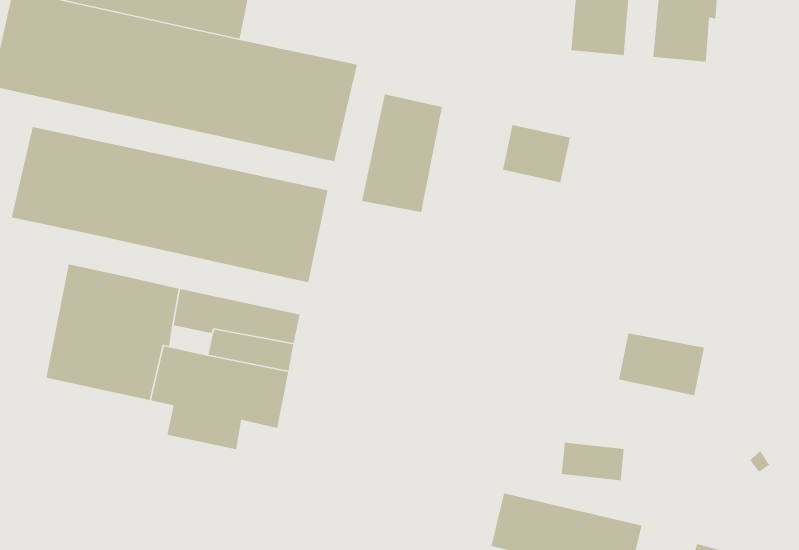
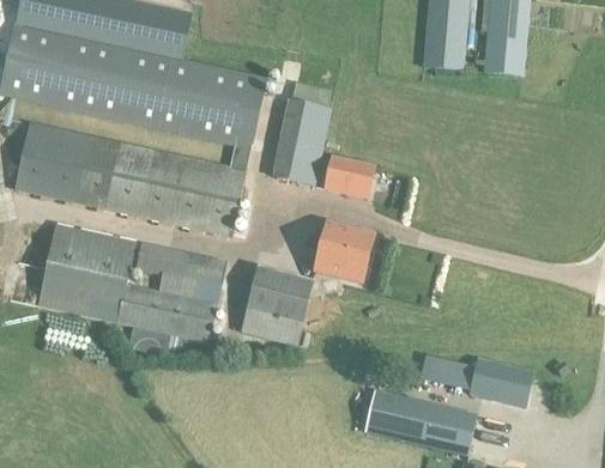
building: [502,124,571,183] -> [323,154,374,197]
building: none -> [314,223,374,282]
building: none -> [240,266,313,347]
building: [618,332,705,396] -> [468,360,532,407]

